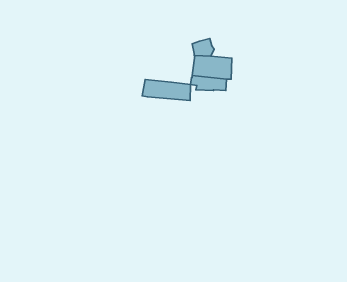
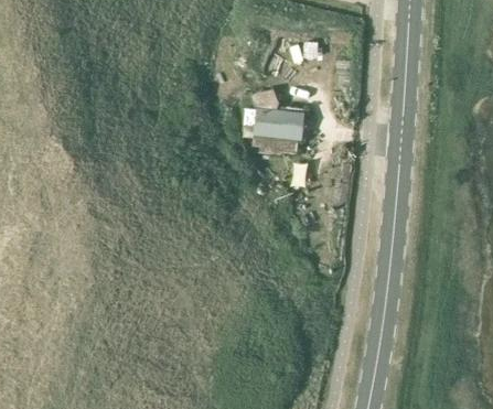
building: [142,79,191,101] -> none

